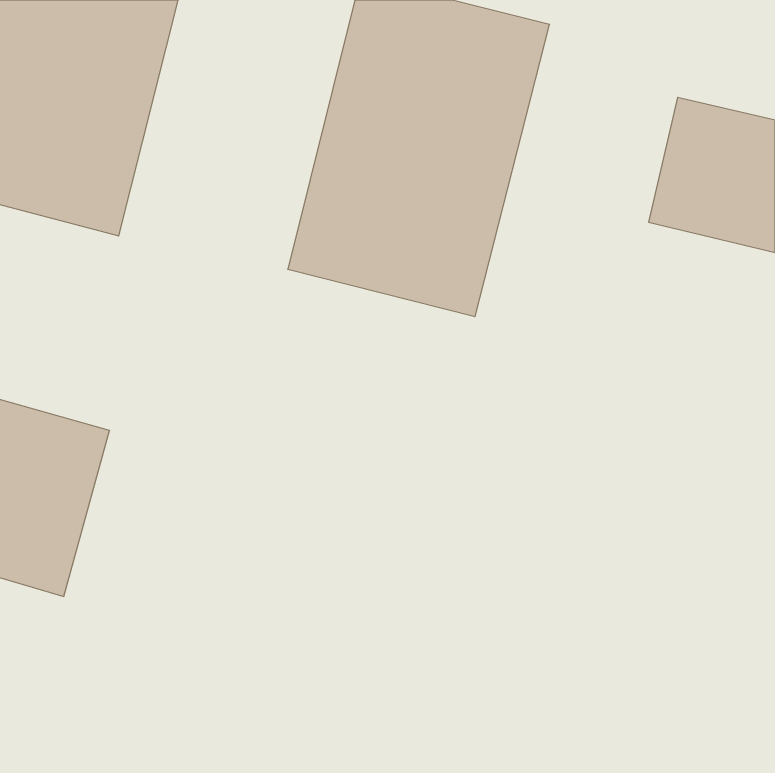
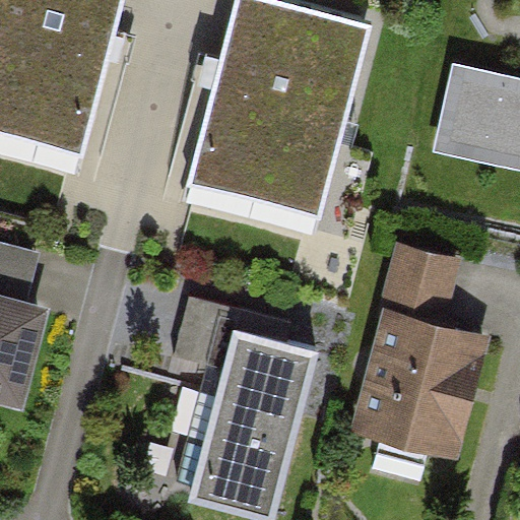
building: none -> [354,245,491,452]
building: none -> [178,319,313,511]

